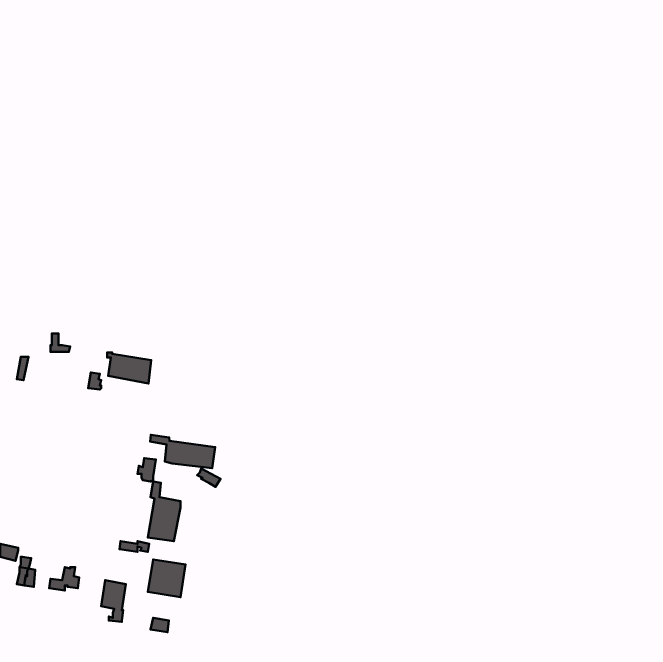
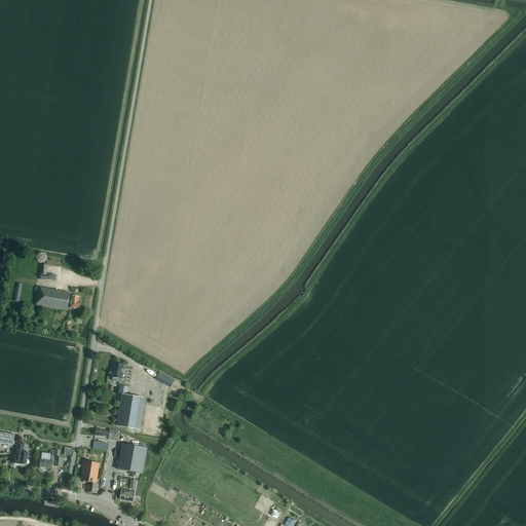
building: [107,352,151,384] -> [35,286,70,310]
building: [150,435,215,468] -> none

